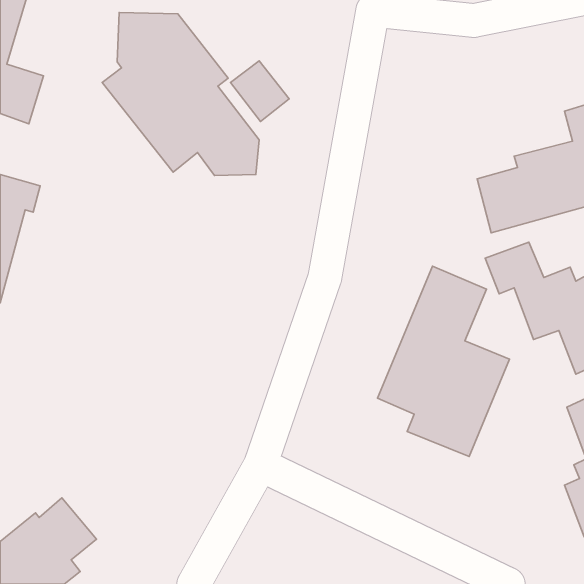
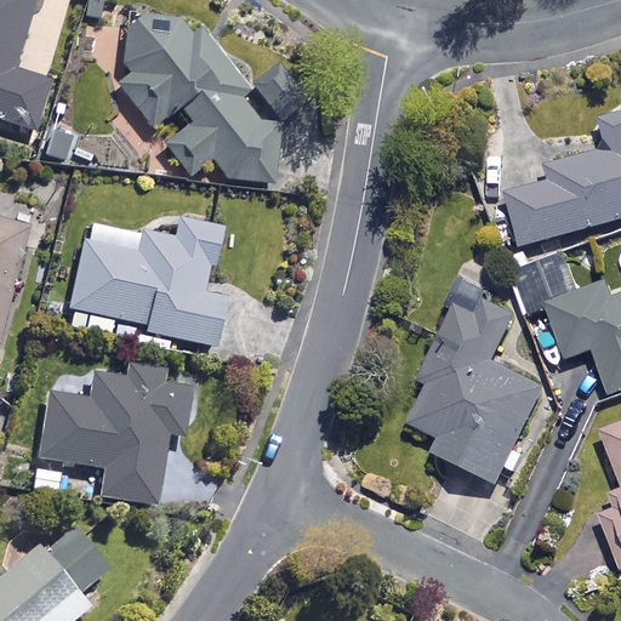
building: none -> [67,217,222,346]
building: none -> [39,365,189,502]

